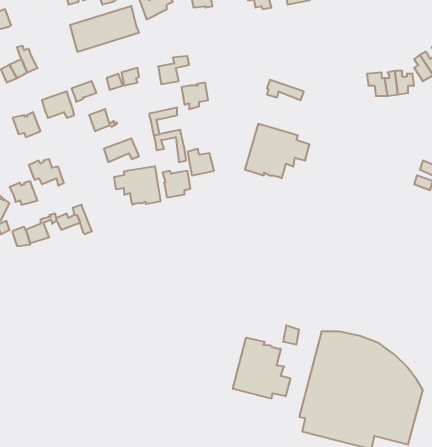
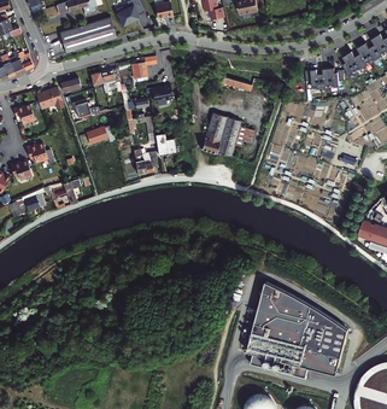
building: [114,166,161,205] -> none
building: [233,338,290,399] -> none

